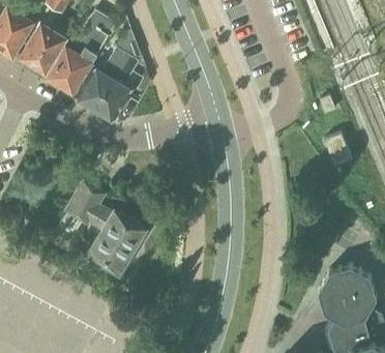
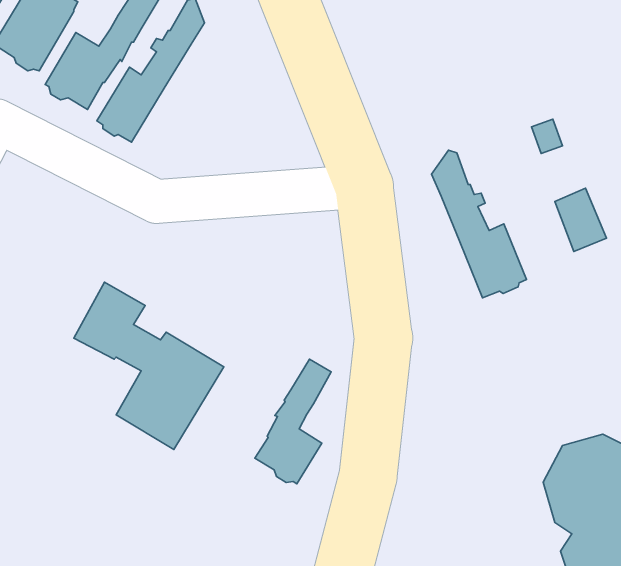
building: [95,46,140,121] -> none
building: none -> [432,150,527,298]
building: none -> [255,359,331,484]

